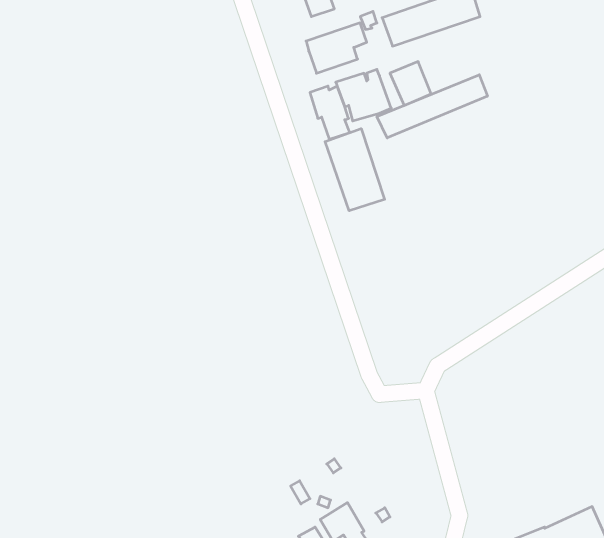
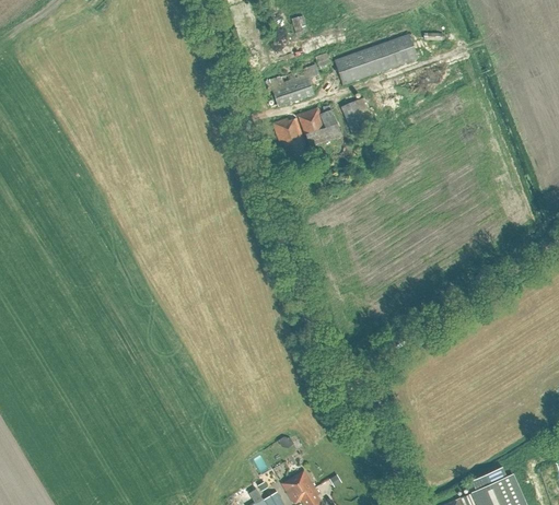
building: [377,75,487,138] -> none
building: [325,129,385,211] -> none

